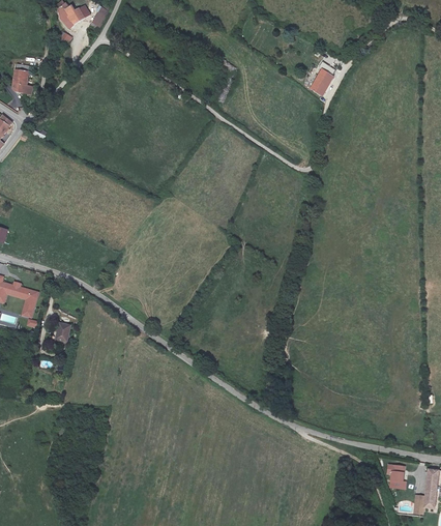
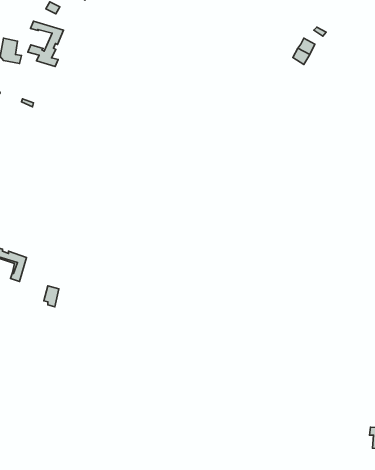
building: none -> [28,21,63,67]

